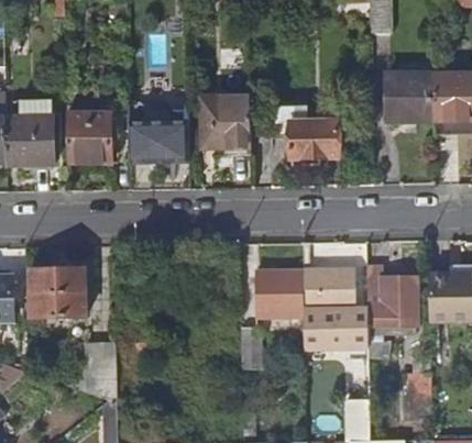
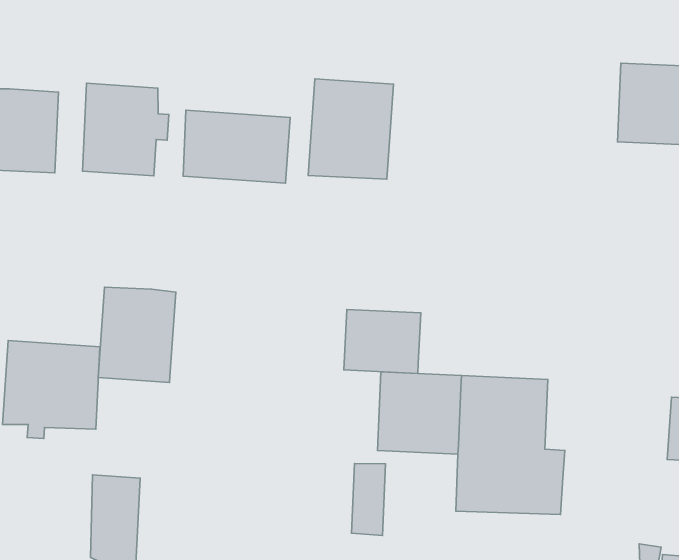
building: [270,100,338,157] -> none
building: none -> [98,287,176,383]
building: none -> [344,310,421,373]
building: [366,268,418,326] -> none

